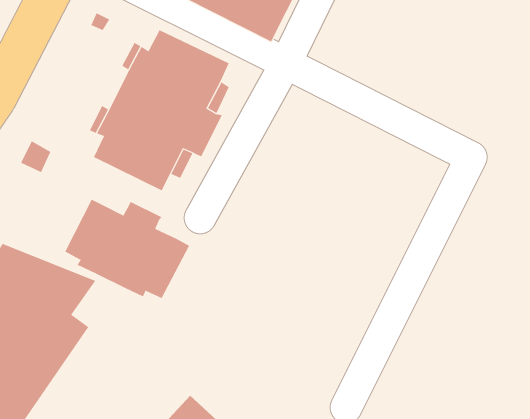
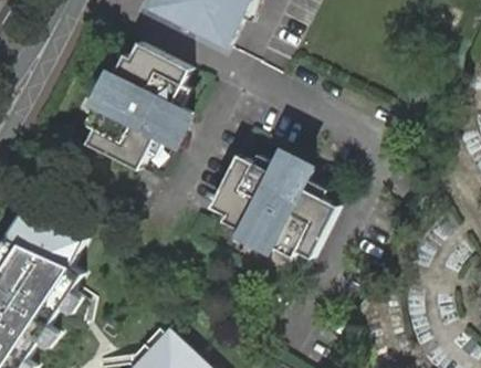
building: none -> [206,157,336,260]
building: [64,199,190,299] -> none

